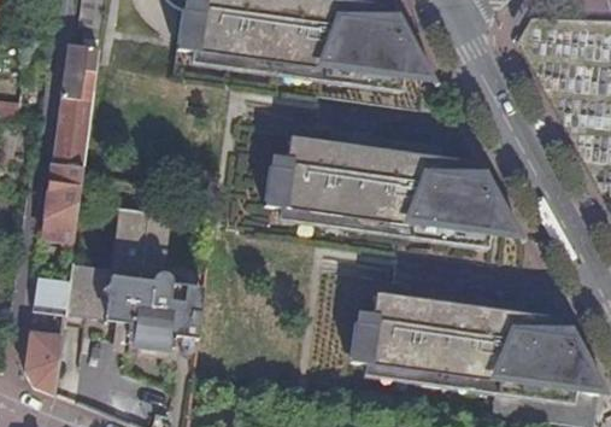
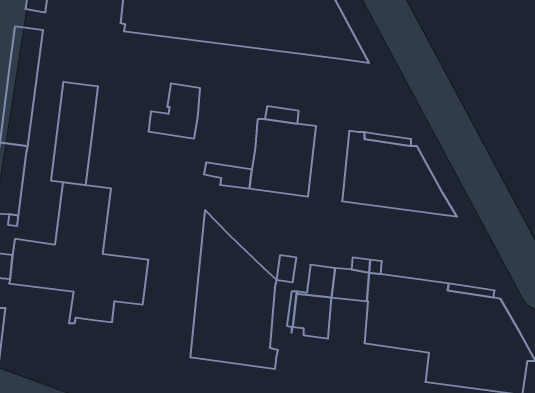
building: none -> [51,82,98,185]
building: [265,136,318,193] -> [148,83,200,139]
building: [370,148,412,226] -> none
building: none -> [191,210,278,369]
building: [390,324,431,372] -> none

